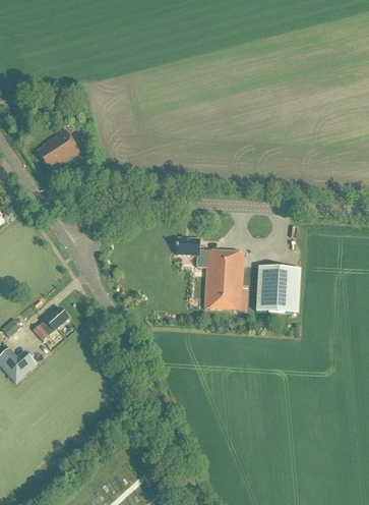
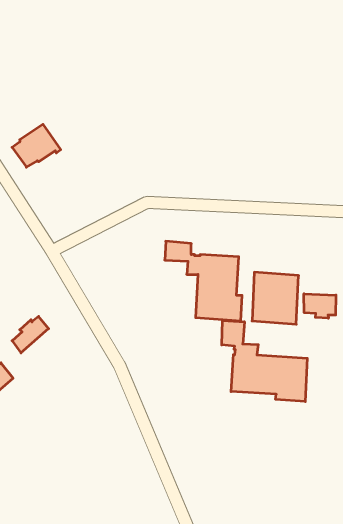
building: none -> [304,294,336,318]
building: none -> [222,321,307,402]

